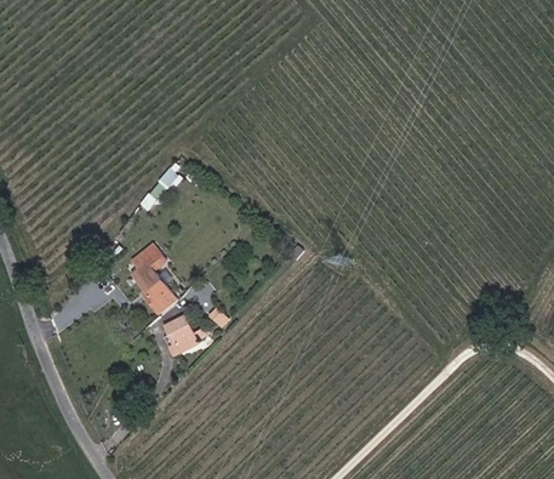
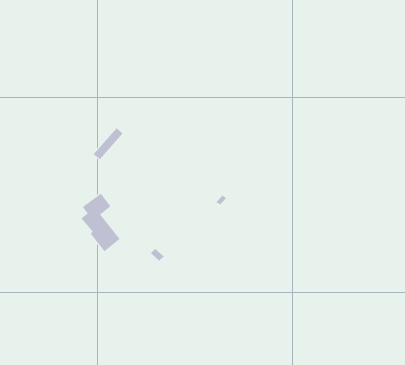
building: [162,314,206,354] -> none

